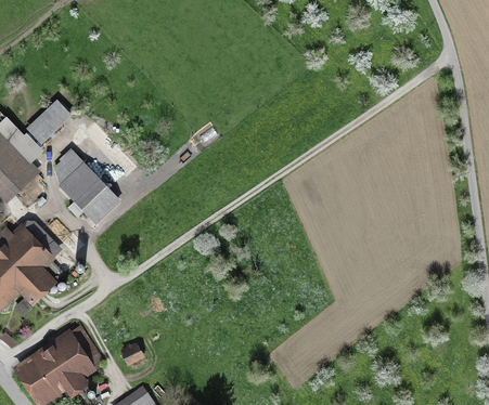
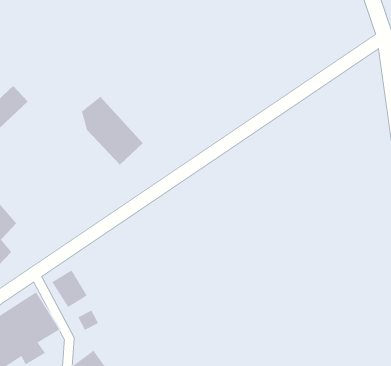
building: [53,152,119,225] -> [81,96,143,166]
building: none -> [51,269,87,308]

